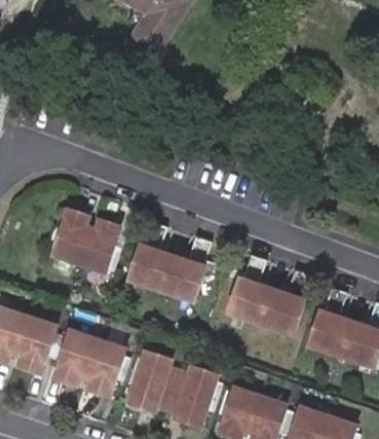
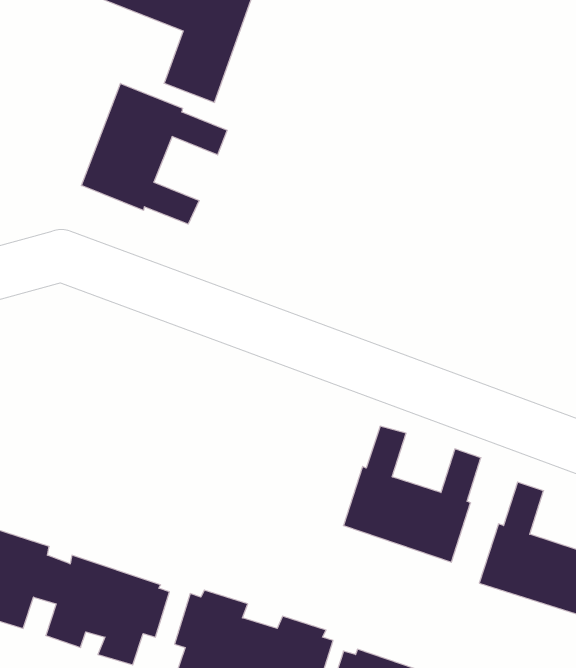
building: none -> [81,83,227,224]
building: [48,209,120,271] -> none
building: [128,221,211,301] -> none

